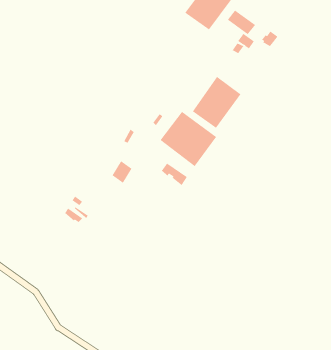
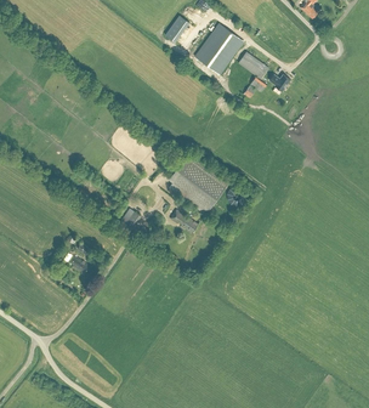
building: [192,76,242,129] -> none

